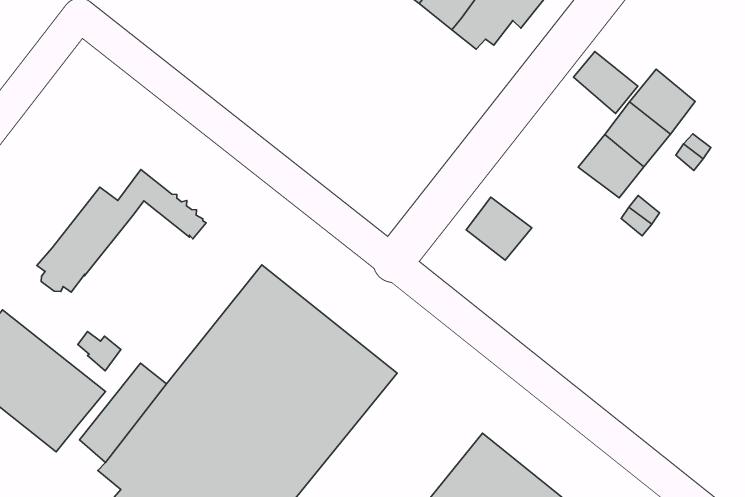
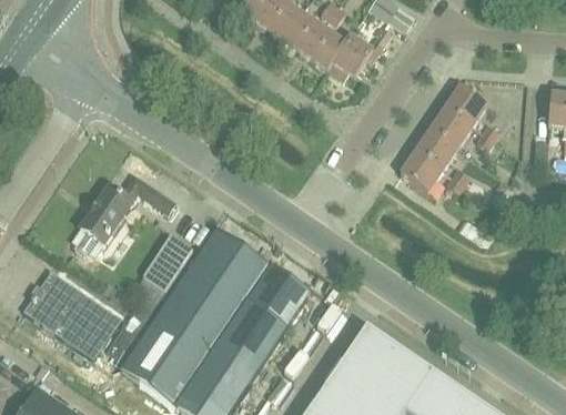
building: [573,51,638,114] -> none
building: [466,197,532,260] -> [400,152,442,192]
building: none -> [143,235,192,292]

